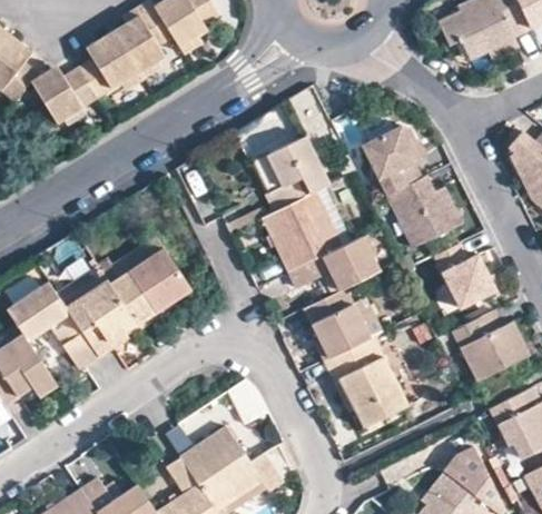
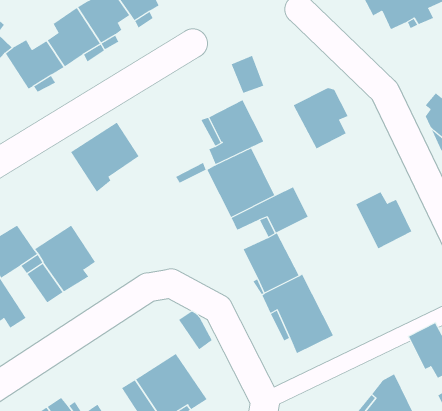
building: [386,175,461,247] -> none
building: [110,249,189,329] -> [70,122,140,192]
building: [452,315,515,379] -> none

